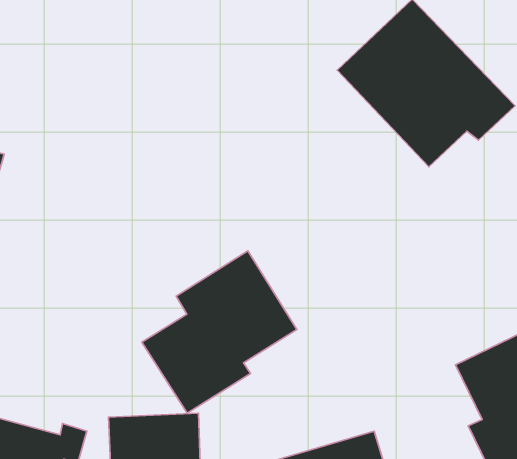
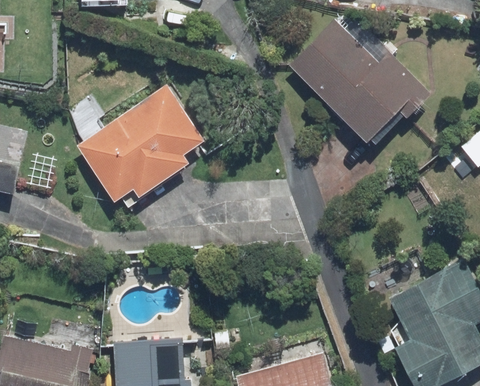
building: none -> [72,85,204,205]
building: [142,251,297,413] -> none

